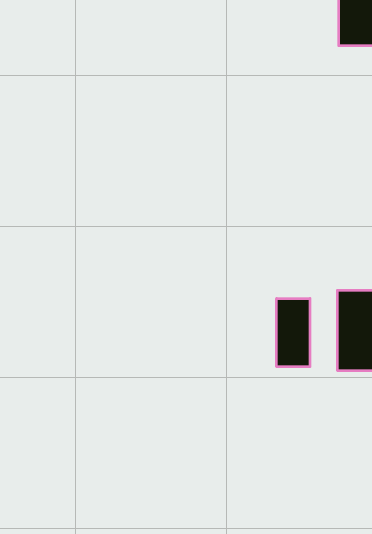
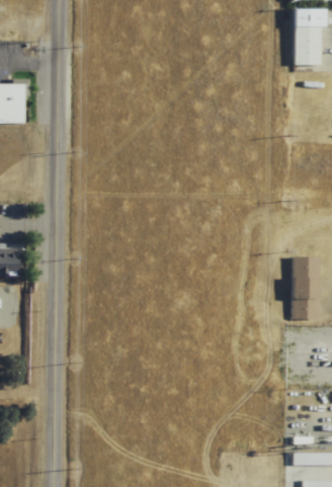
building: [277,298,310,367] -> none

